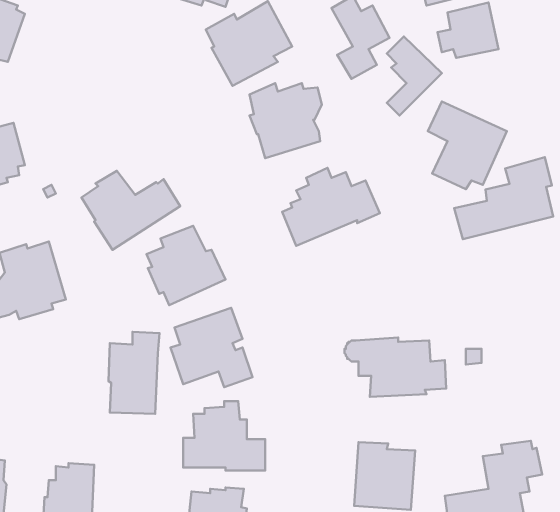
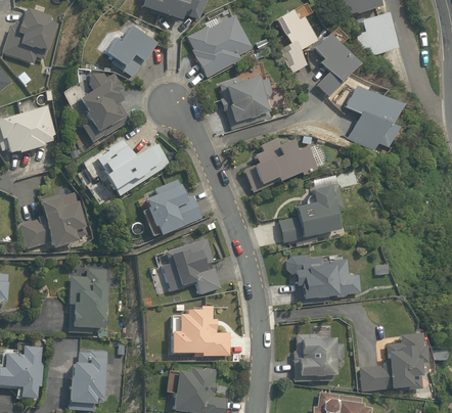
building: none -> [104,26,155,75]
building: none -> [76,72,130,142]
building: [454,157,553,239] -> [274,186,346,245]
building: [108,332,159,414] -> [70,268,106,327]

